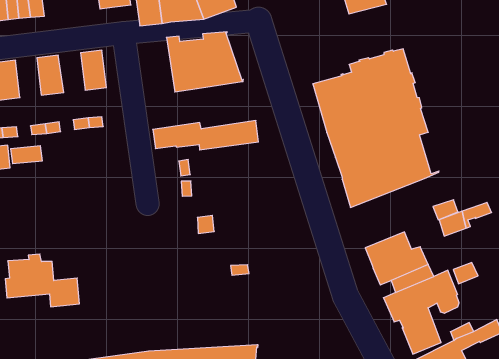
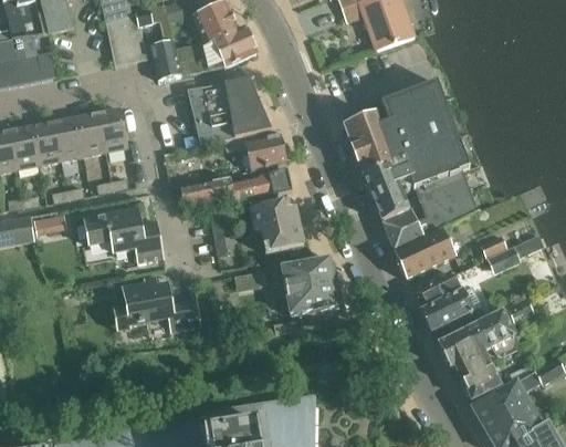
building: none -> [75,112,106,155]
building: none -> [31,121,61,164]
building: none -> [223,128,285,169]
building: none -> [84,206,164,260]
building: none -> [250,199,304,252]
building: none -> [395,229,454,278]
building: none -> [281,257,339,313]
building: [5,254,79,307] -> [120,276,200,330]

